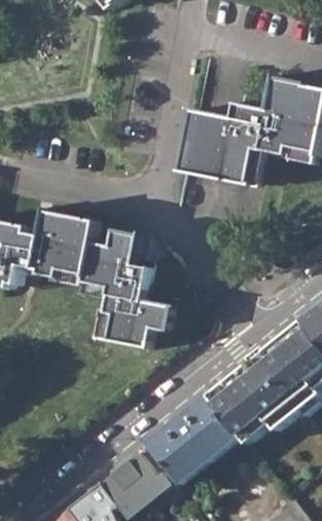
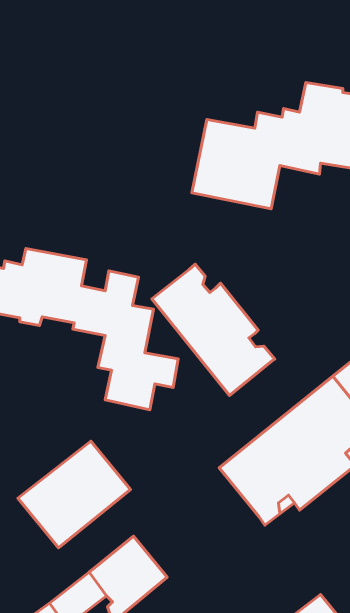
building: none -> [152,264,275,395]
building: [146,397,240,485] -> [18,441,130,548]

